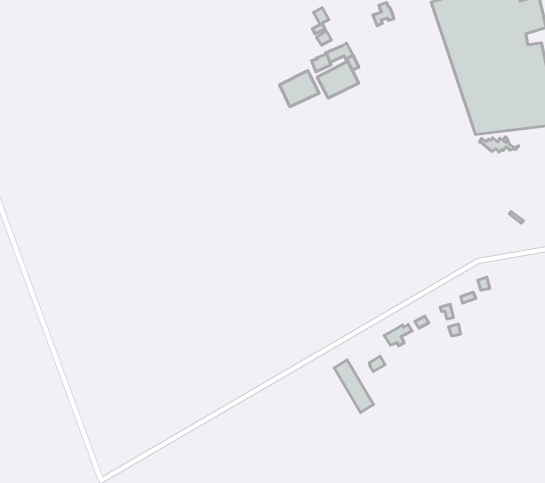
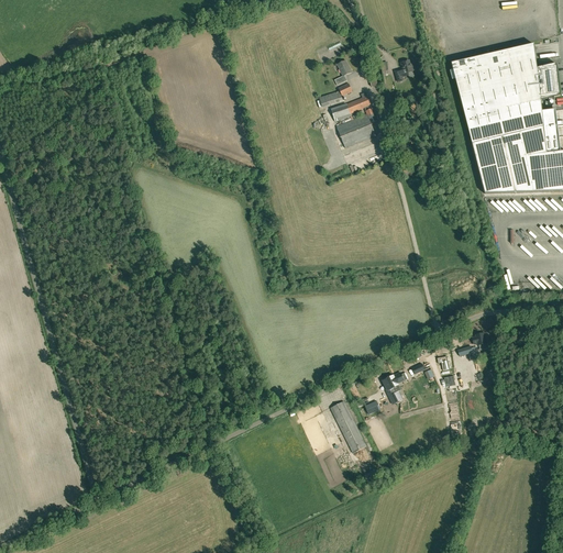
building: [279,70,319,107] -> none

